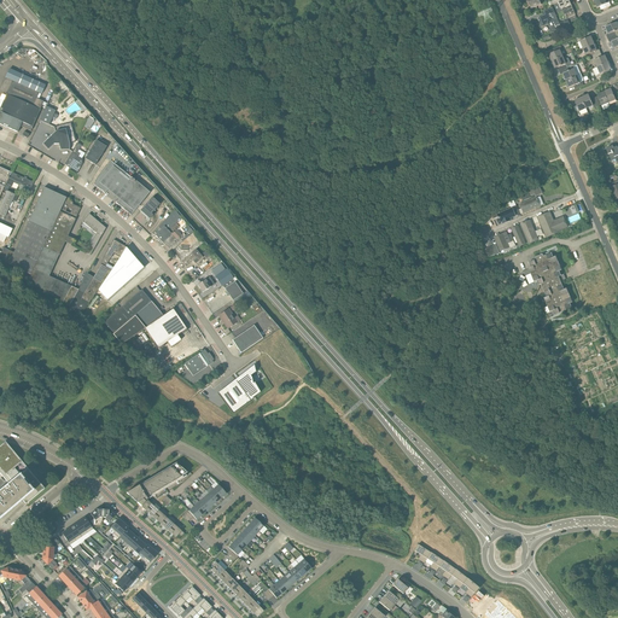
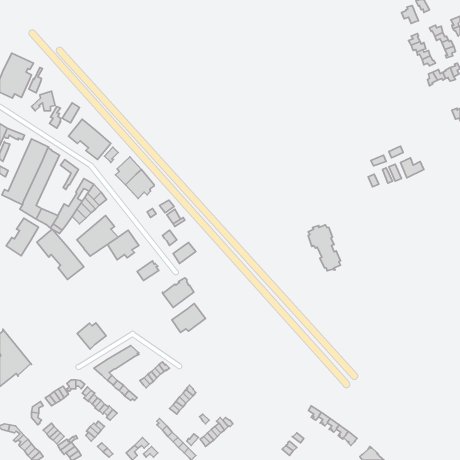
building: [527,252,571,314] -> [308,225,341,271]
building: none -> [6,218,39,256]
building: none -> [37,229,84,280]
building: none -> [172,303,206,332]
building: none -> [77,323,106,349]

